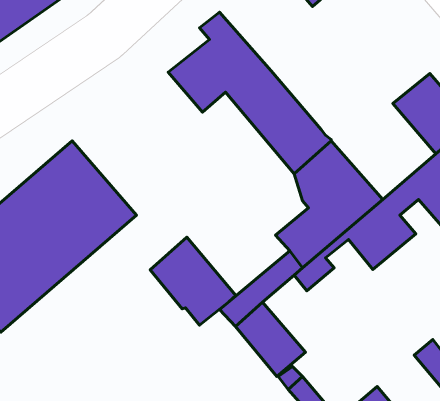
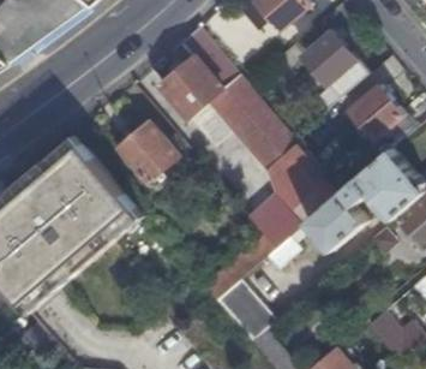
building: none -> [302,29,367,96]
building: none -> [119,120,178,180]
building: [150,237,236,325] -> none

